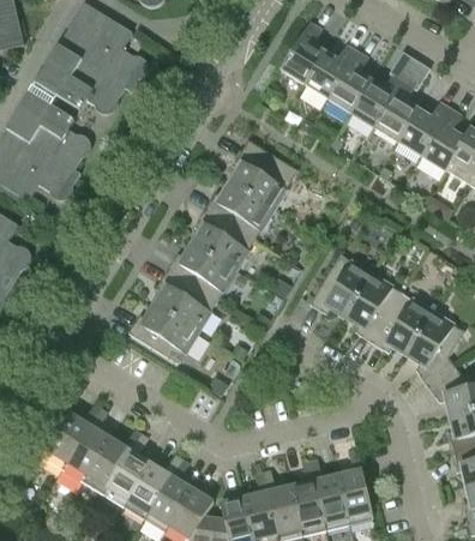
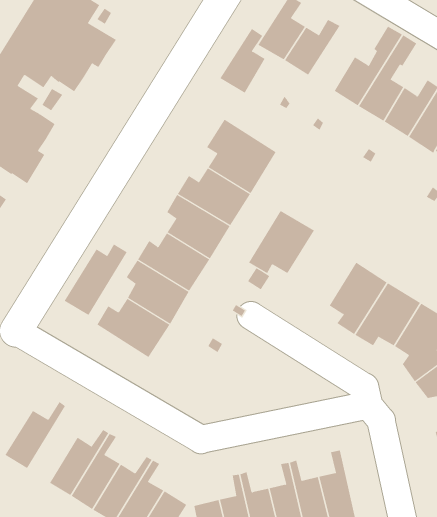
building: [327,52,371,113] -> [220,28,266,93]
building: [309,254,372,314] -> [248,210,315,274]
building: none -> [64,243,128,316]
building: [64,409,110,481] -> none

